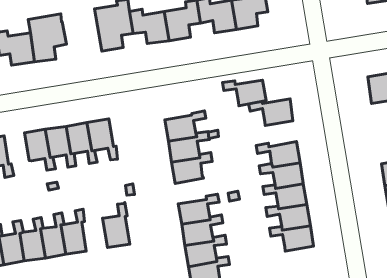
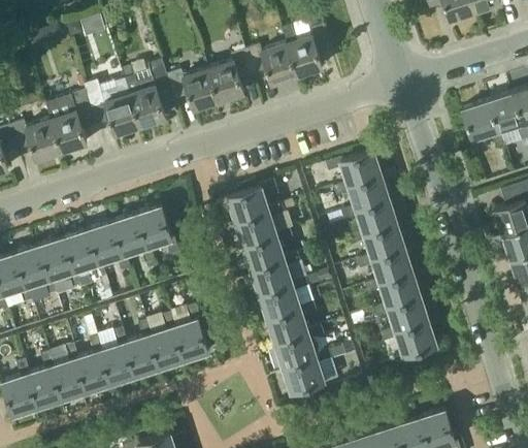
building: none -> [82,78,140,136]
building: [222,80,266,106] -> [333,177,389,212]
building: none -> [39,239,80,288]
building: none -> [252,253,300,296]
building: none -> [147,313,183,370]
building: none -> [380,322,436,358]

